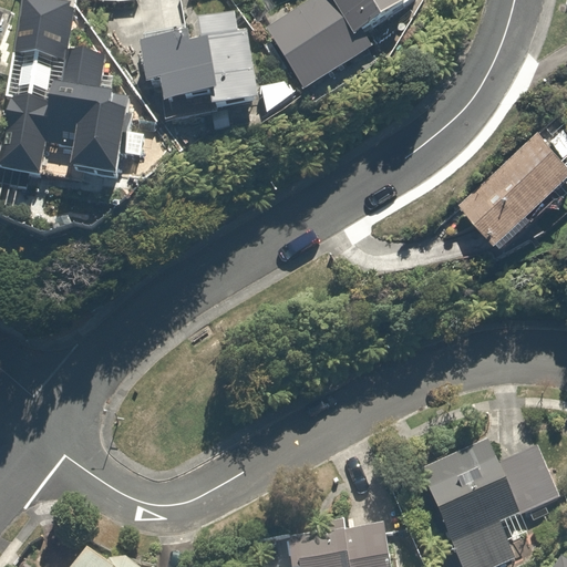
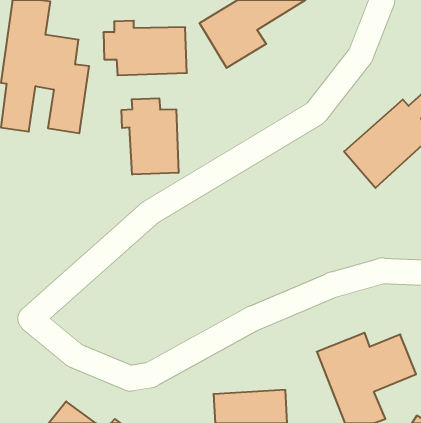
building: none -> [122,98,178,175]

